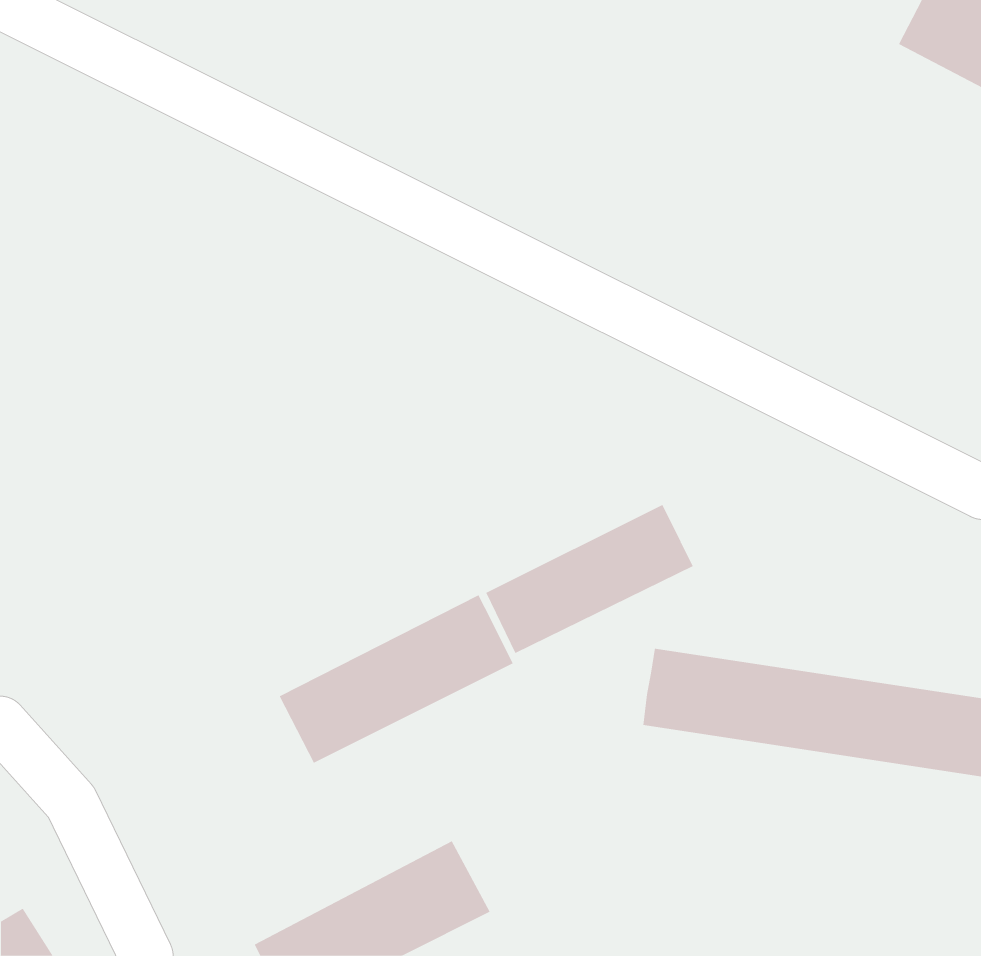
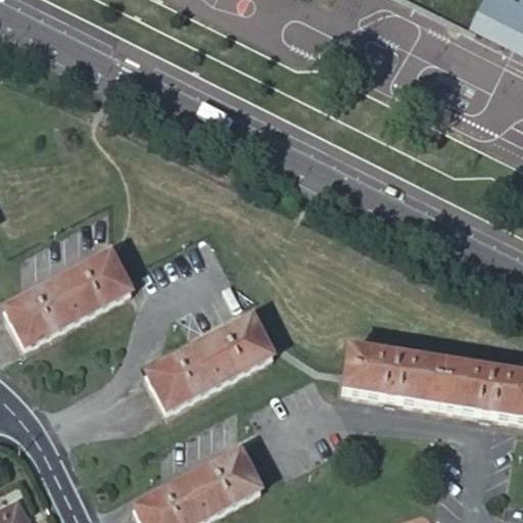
building: none -> [6,248,132,341]
building: [485,504,694,654] -> none

